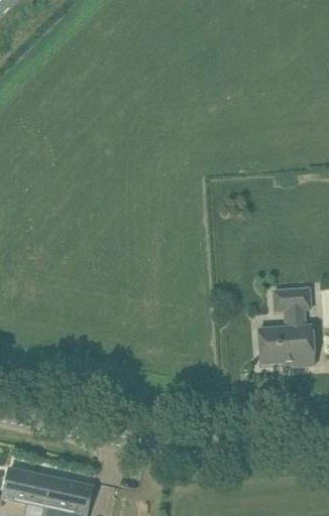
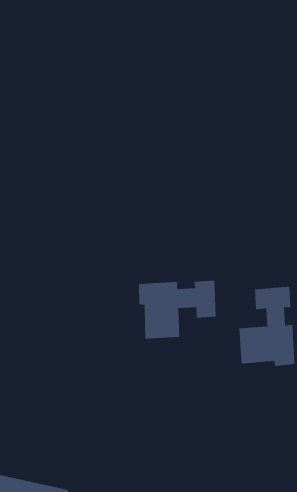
building: none -> [139,280,216,339]

